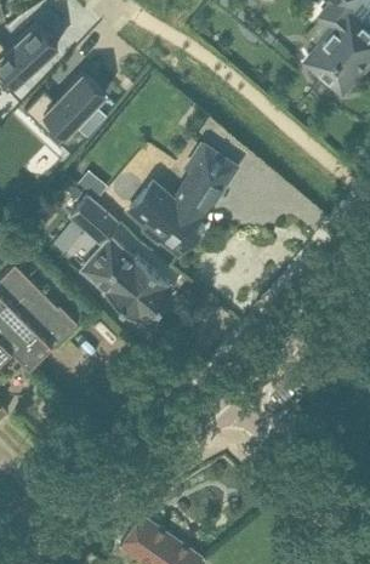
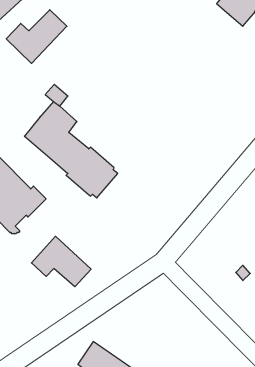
building: [129,146,237,252] -> none
building: none -> [31,236,91,287]

